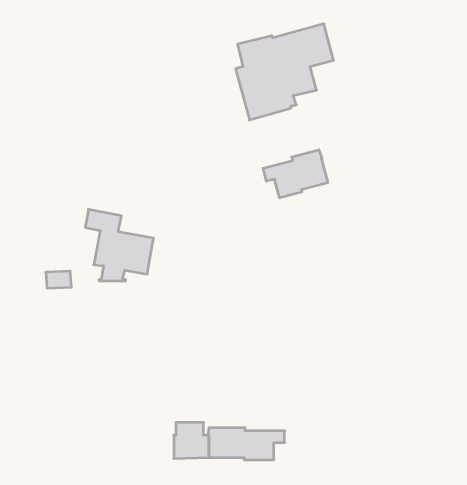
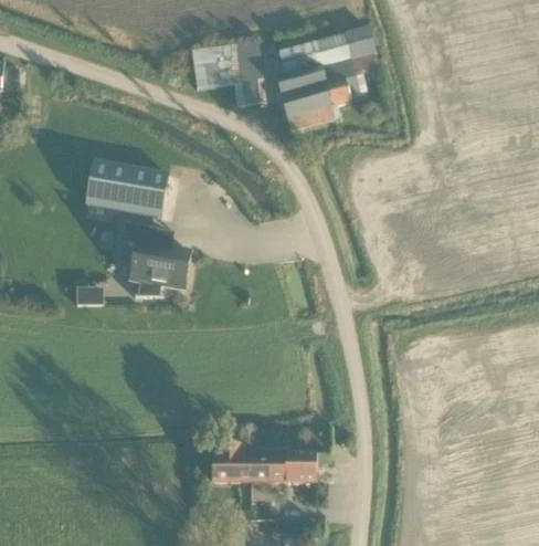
building: none -> [190,40,265,105]
building: [263,150,328,198] -> none
building: none -> [85,161,167,217]

